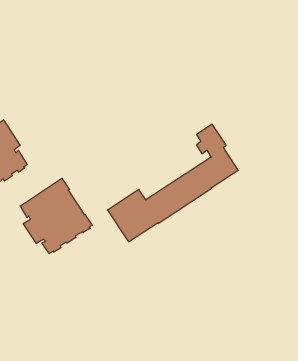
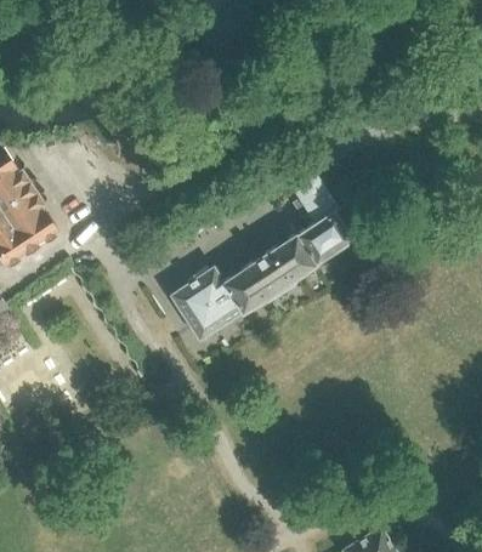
building: [20,178,92,254] -> none

